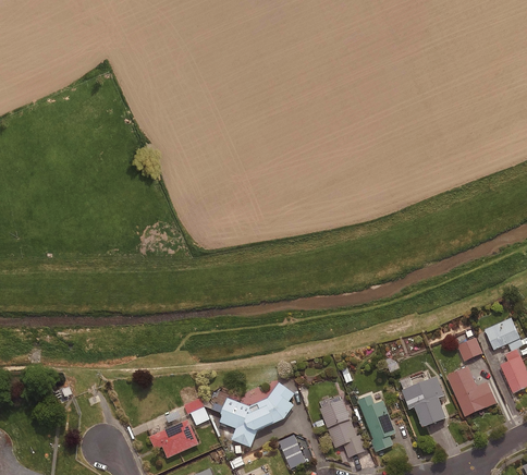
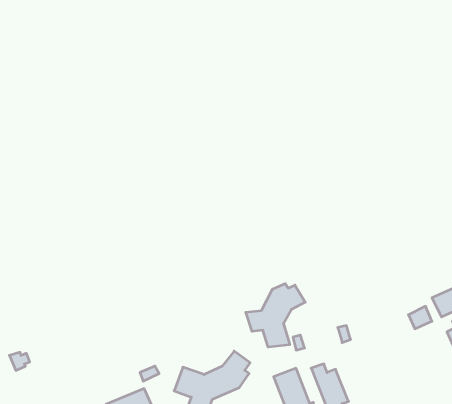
building: none -> [246,284,305,347]
building: [443,364,493,415] -> none
building: [397,375,441,424] -> none

